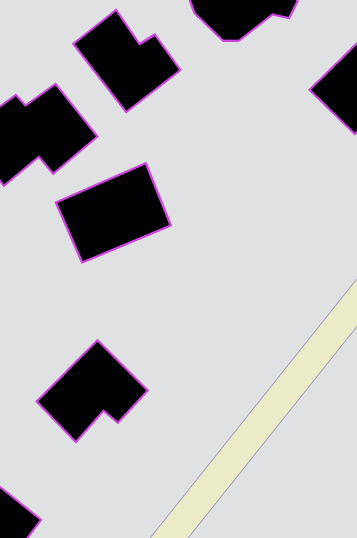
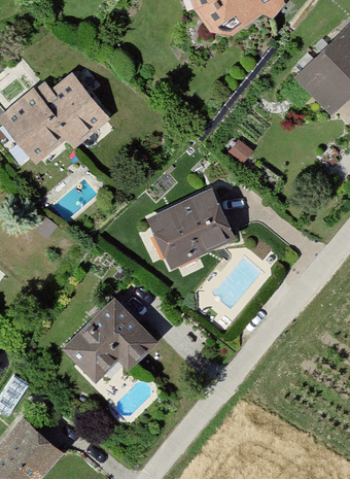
building: [73,10,180,112] -> none
building: [56,163,171,262] -> [137,186,236,272]

